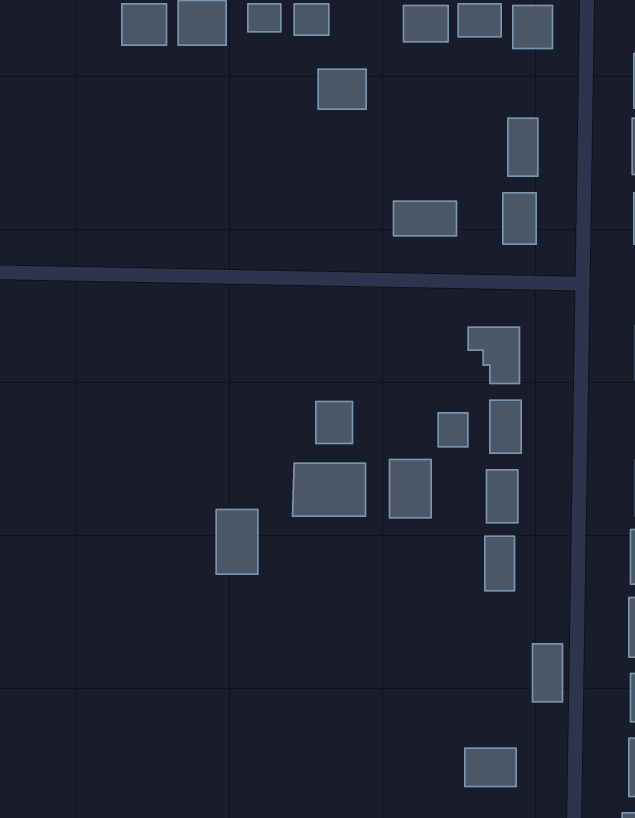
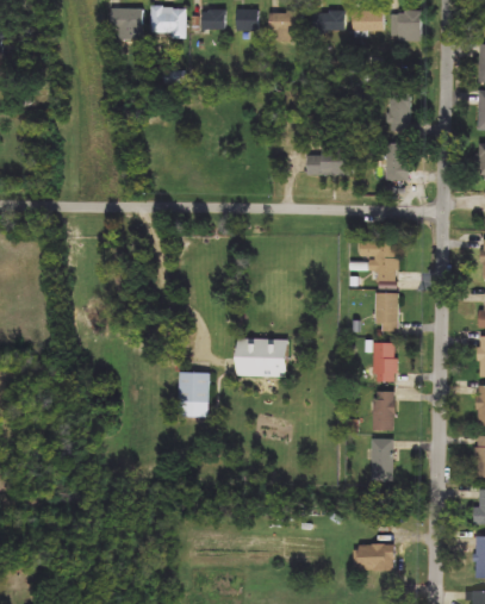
building: [318,69,366,109] -> [269,11,304,39]
building: [316,401,353,444] -> none
building: [438,413,468,447] -> none
building: [390,459,431,518] -> none
building: [533,644,562,702] -> [372,438,393,480]

